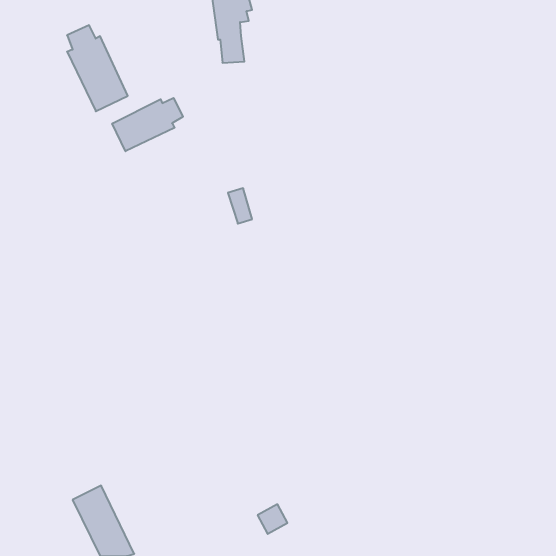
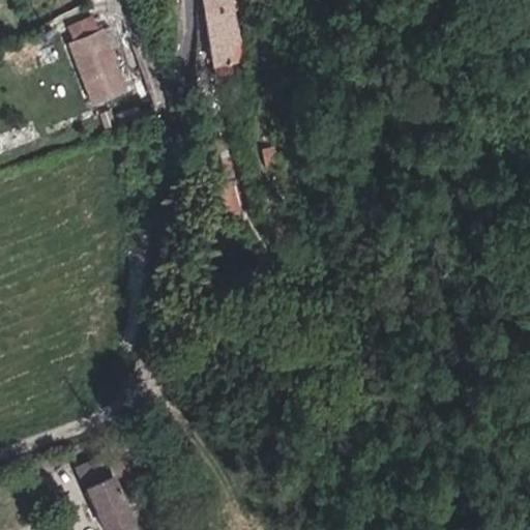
building: [112,98,183,151] -> none

